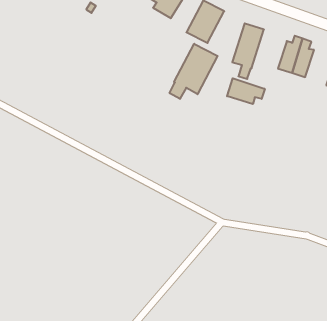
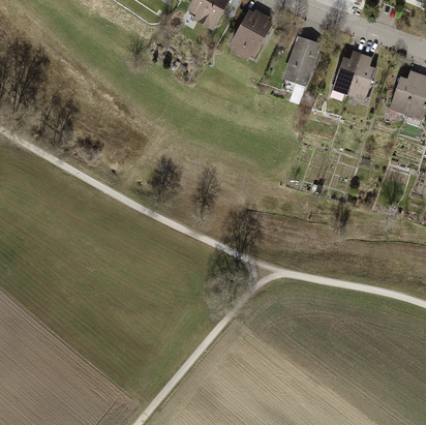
building: [170,44,218,99] -> none
building: [227,78,265,104] -> none

